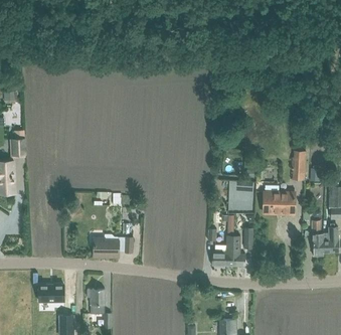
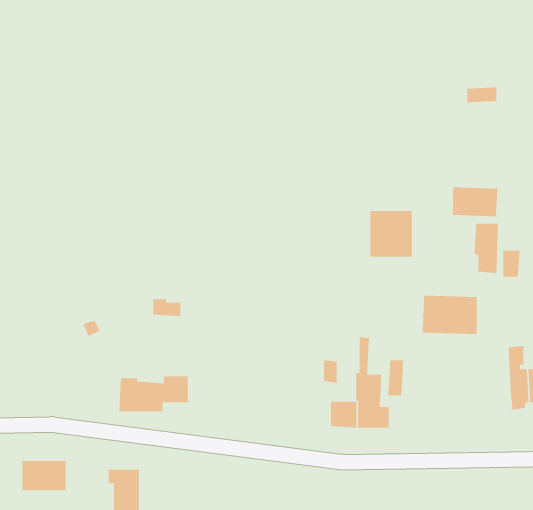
building: none -> [452,186,498,217]
building: [227,183,251,209] -> [369,211,413,257]

